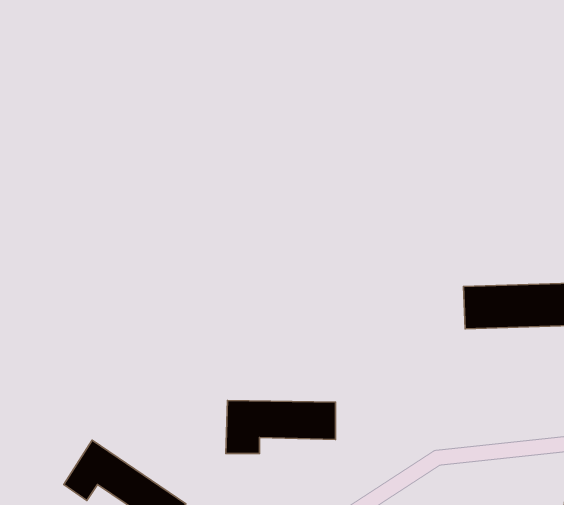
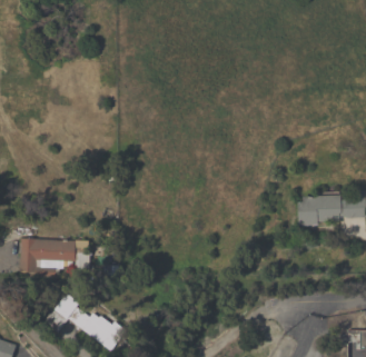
building: [226,400,336,453] -> [19,239,88,272]

